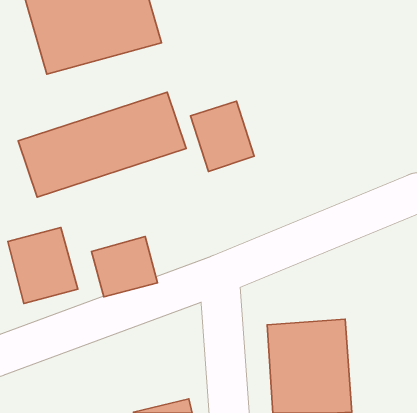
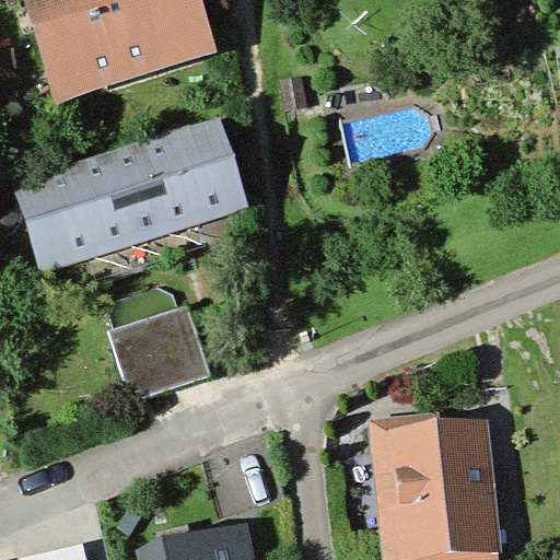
building: [190,101,254,171] -> none
building: [8,228,78,304] -> none

